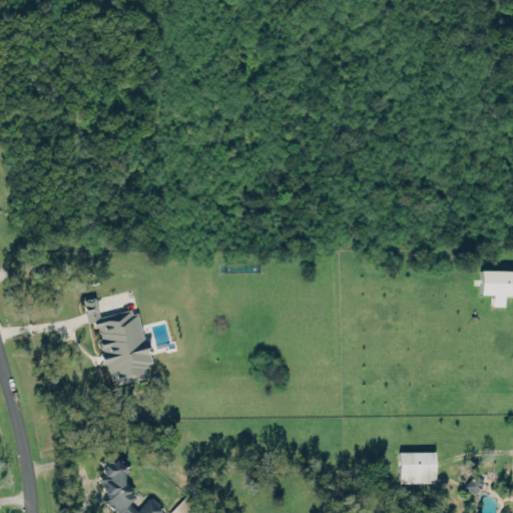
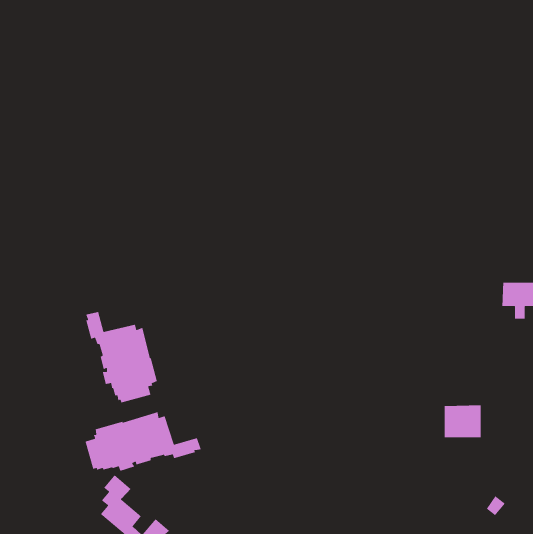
building: none -> [85,411,202,472]
building: [401,452,437,484] -> [444,404,482,438]

